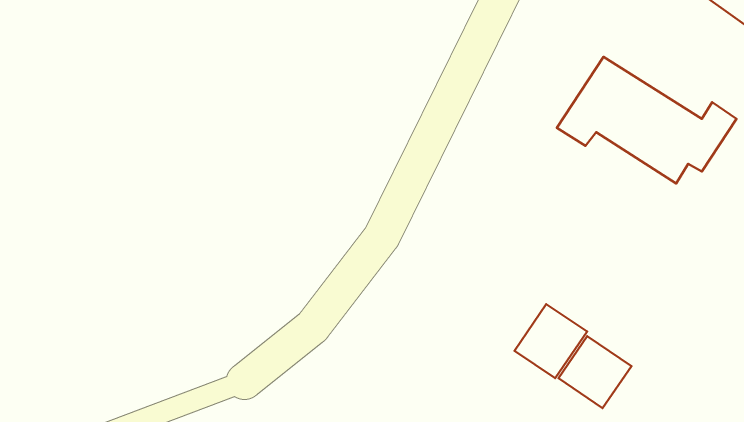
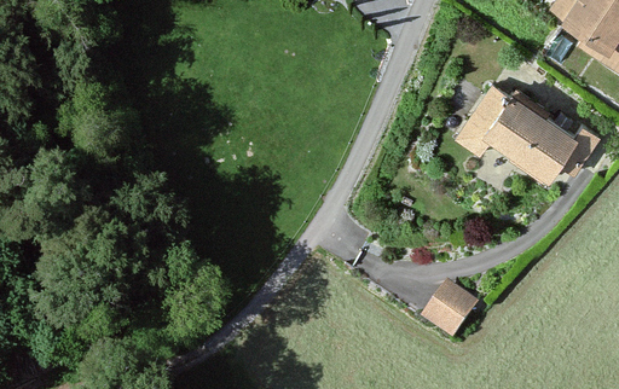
building: [558,336,632,408] -> none

